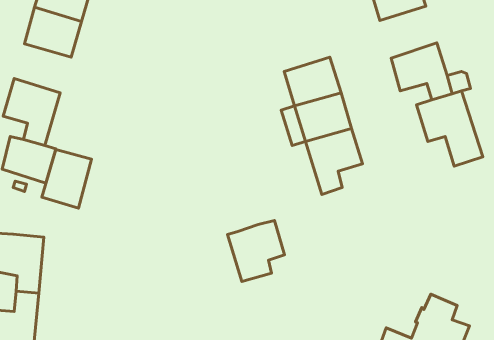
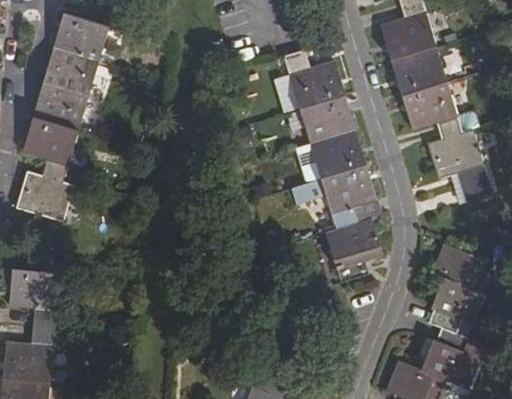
building: none -> [392,45,448,96]
building: none -> [281,49,343,109]
building: none -> [33,82,89,130]
building: [42,149,92,208] -> none
building: none -> [428,243,483,333]
building: [228,220,285,281] -> [325,219,381,279]

